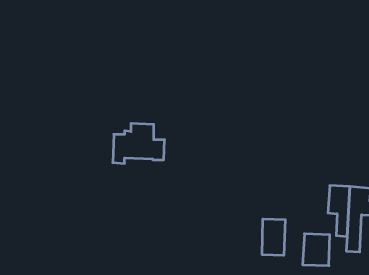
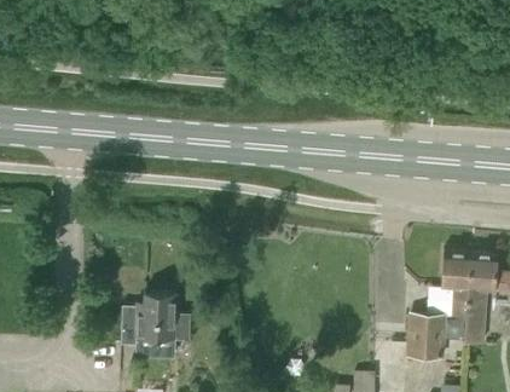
building: [113,123,165,163] -> [121,294,190,347]
building: [262,219,285,255] -> none

